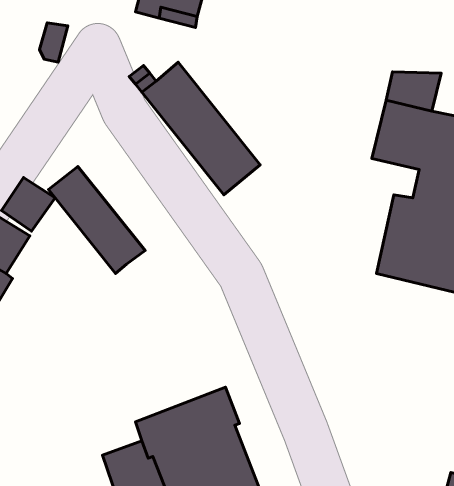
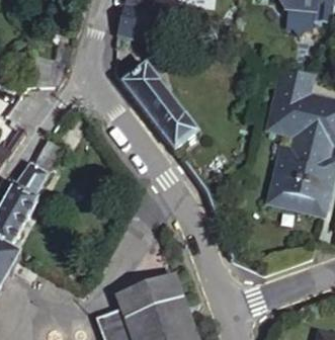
building: [48,167,145,273] -> none

